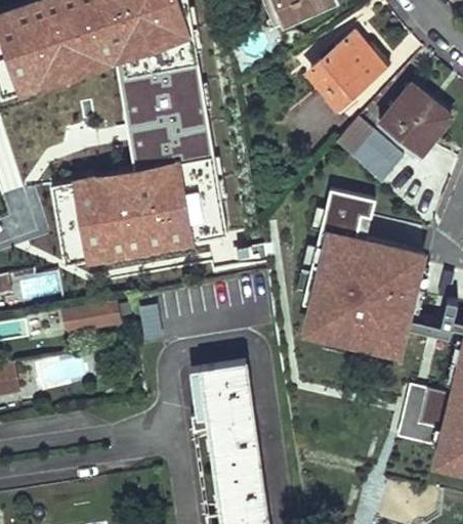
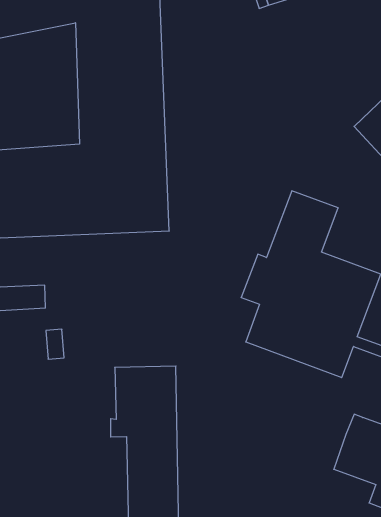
building: [311,32,385,104] -> none
building: [338,118,404,182] -> none

